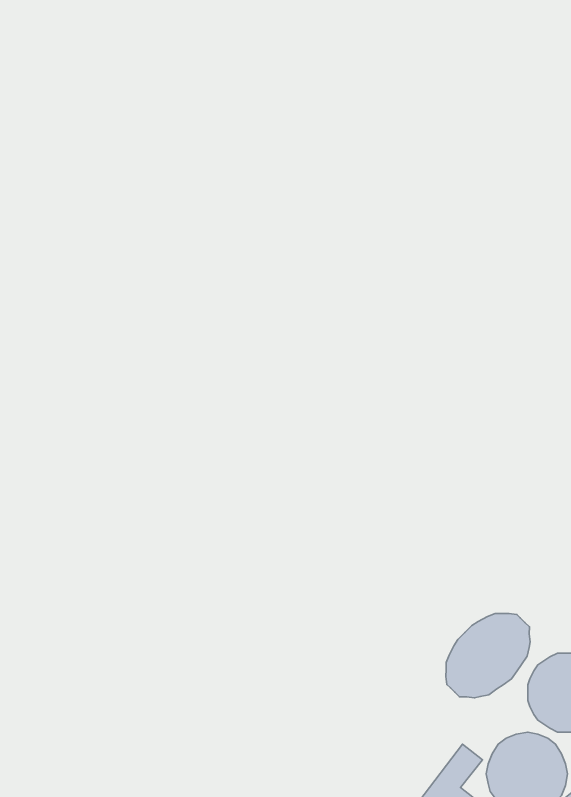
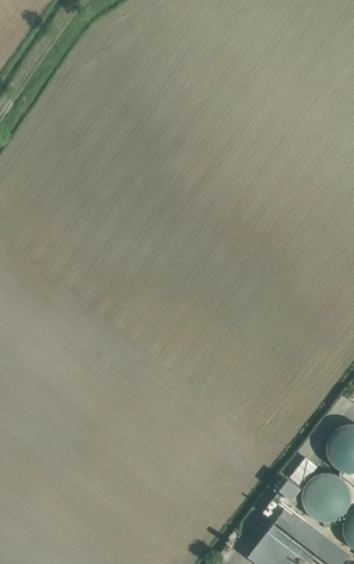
building: [446,613,530,698] -> none

